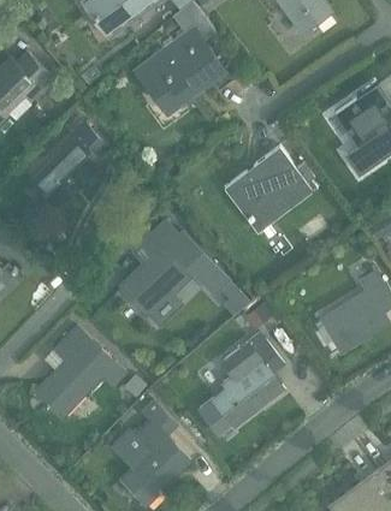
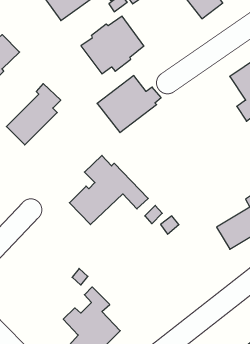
building: [227,148,315,226] -> [97,76,161,133]
building: [35,327,125,417] -> none
building: [199,333,284,436] -> none

